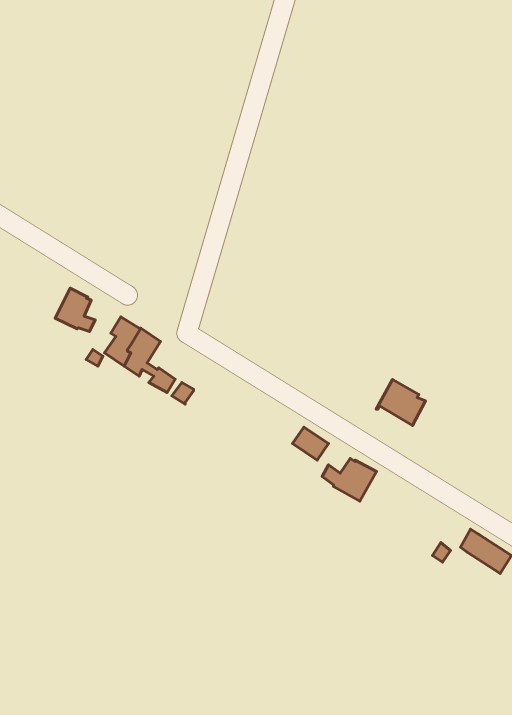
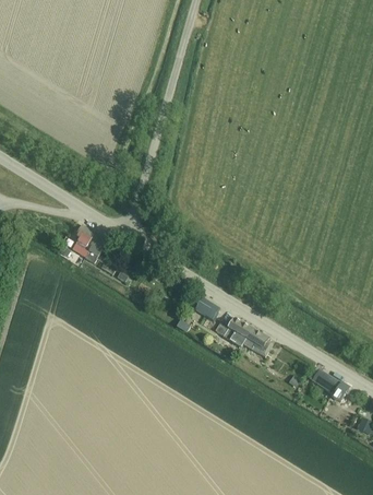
building: [55,288,95,332] -> none
building: [376,380,426,426] -> [240,326,273,356]

